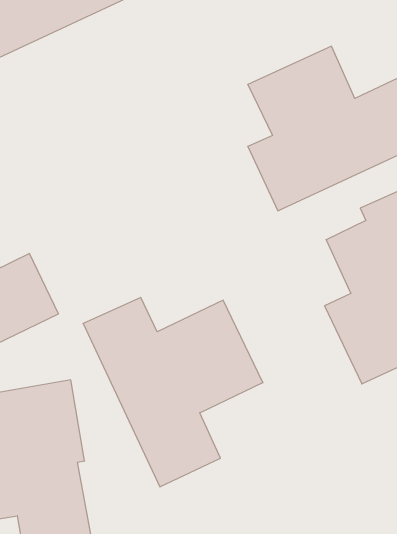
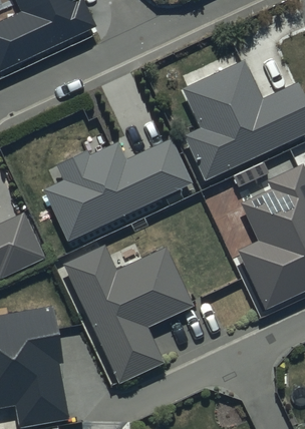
building: none -> [44,137,192,240]

